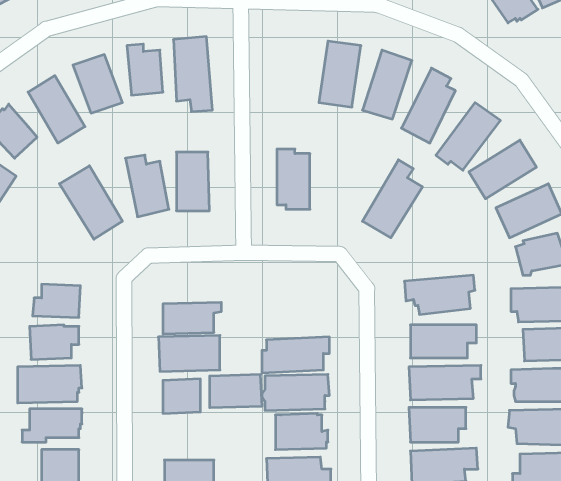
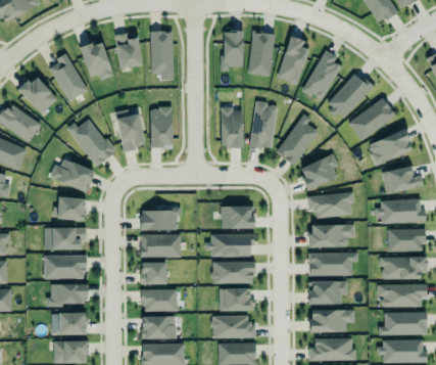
building: none -> [223,31,244,72]
building: none -> [251,102,279,149]
building: none -> [299,150,339,189]
building: none -> [51,161,95,191]
building: none -> [222,206,255,229]
building: [210,375,262,408] -> [143,289,179,312]

